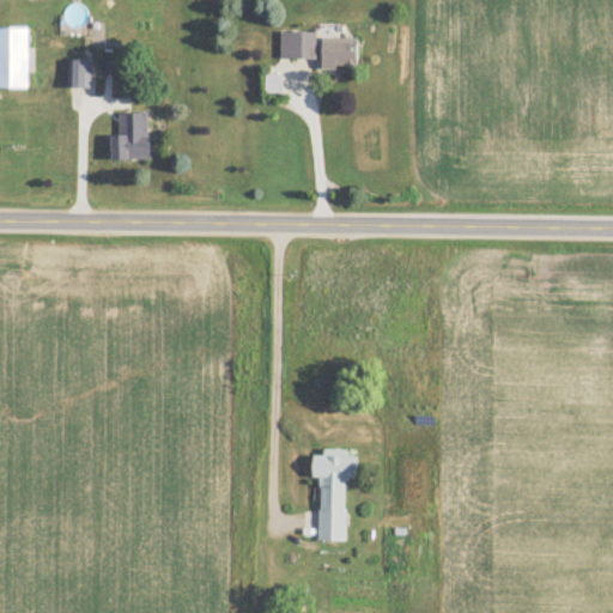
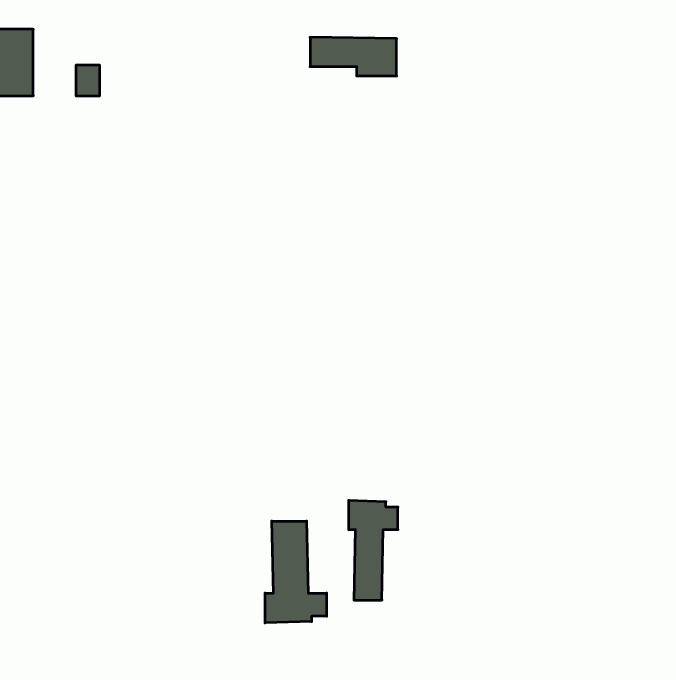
building: [113,111,148,157] -> none
building: none -> [265,521,327,623]

